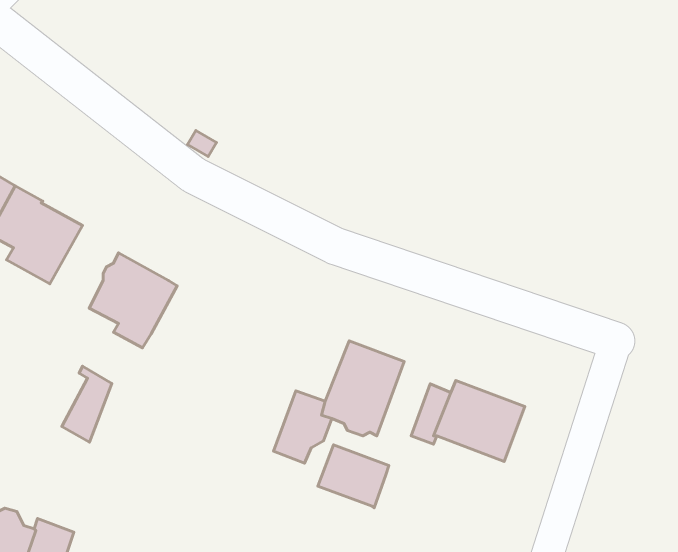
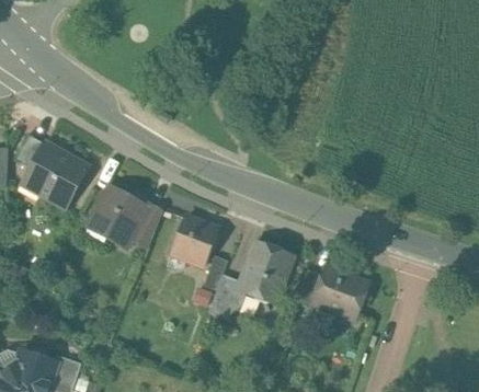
building: none -> [172,216,217,266]
building: [62,366,112,442] -> [129,200,161,249]
building: [318,445,389,508] -> none

